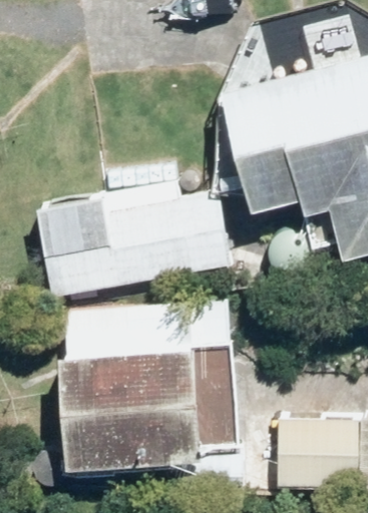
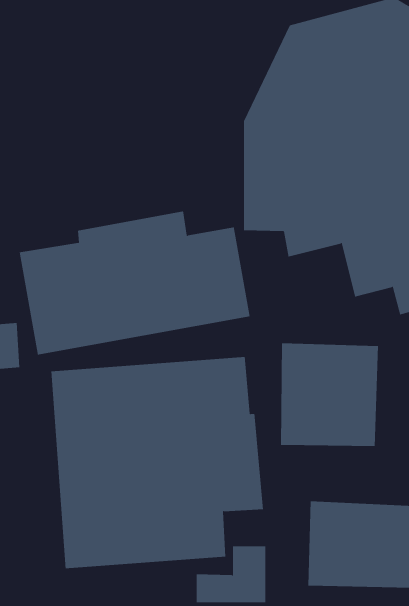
building: none -> [281,343,379,447]

